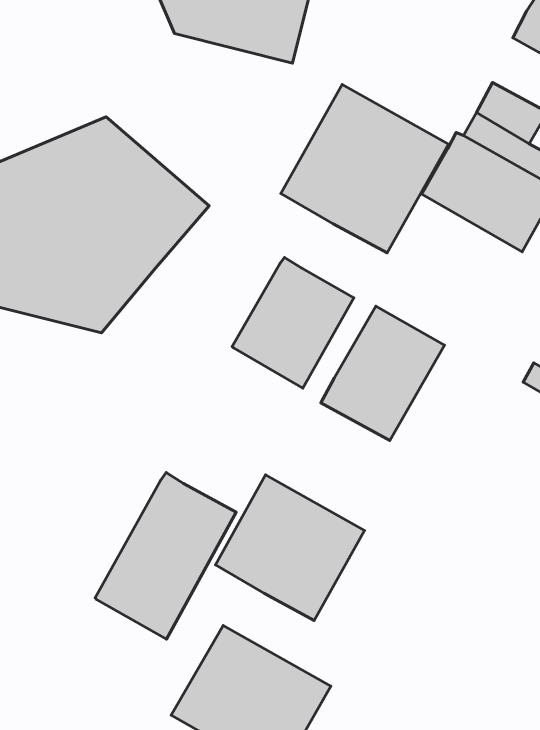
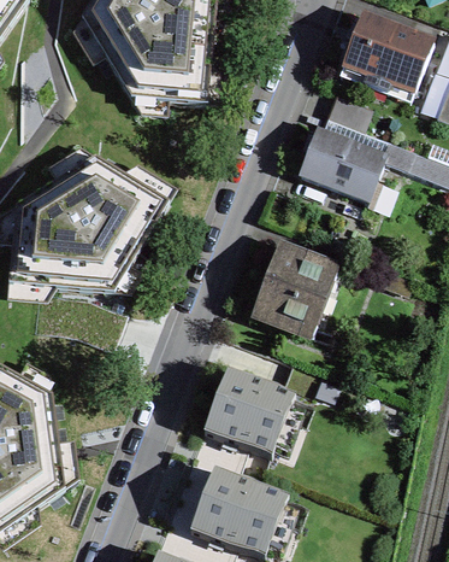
building: [281,85,448,253] -> none
building: [232,258,354,388] -> none
building: [95,473,236,639] -> none

